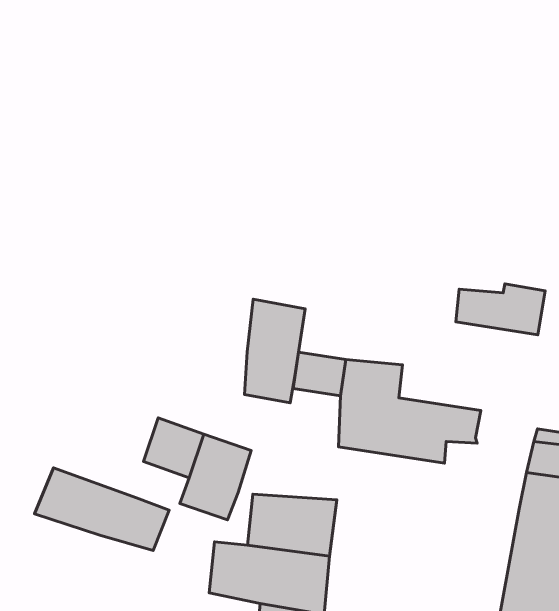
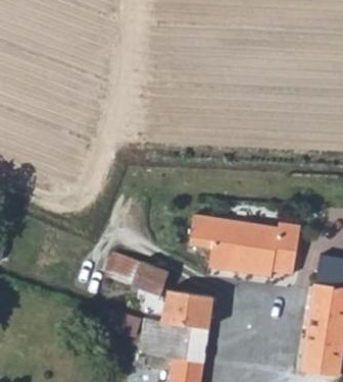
building: [456,284,545,335] -> [246,218,296,247]
building: [244,299,305,403] -> none
building: [34,468,169,551] -> none

